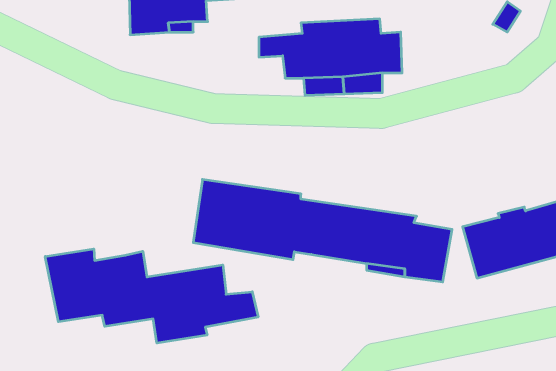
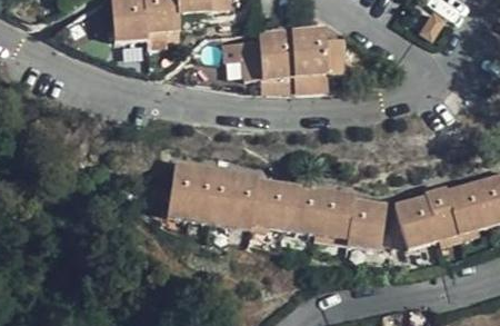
building: [45,249,258,343] -> none

